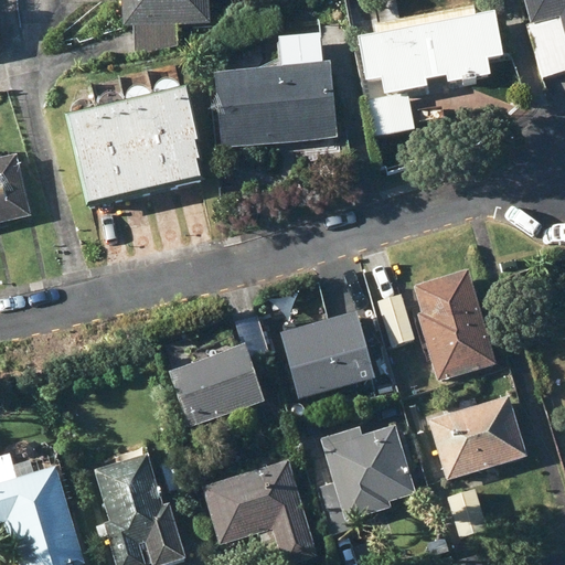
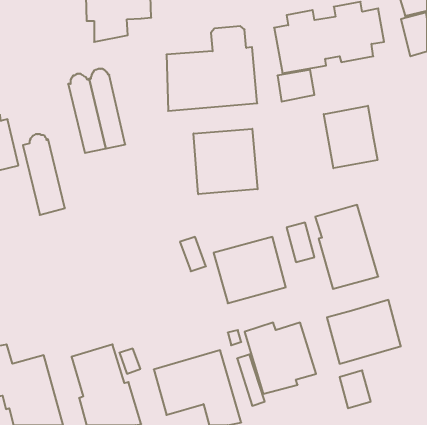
building: [143,82,192,190] -> none
building: [56,104,111,210] -> [23,134,65,215]
building: none -> [324,106,377,168]
building: none -> [194,129,258,194]
building: [170,344,265,427] -> none

